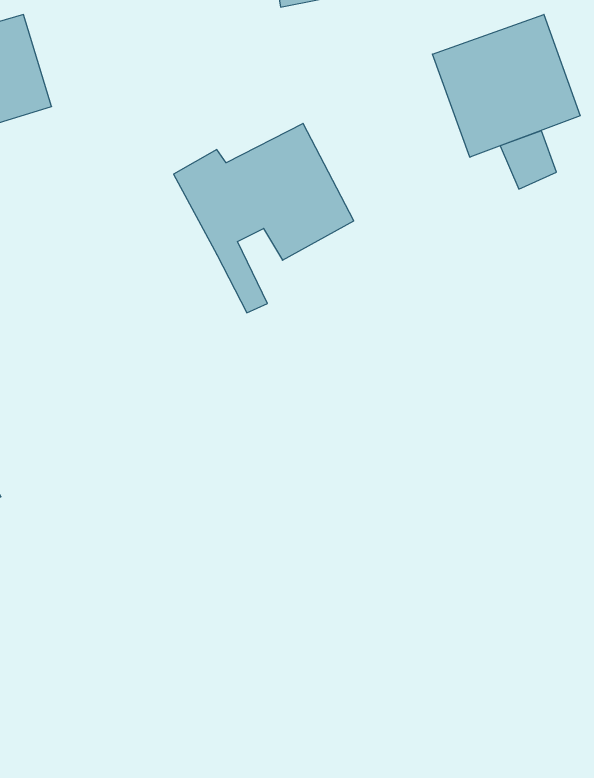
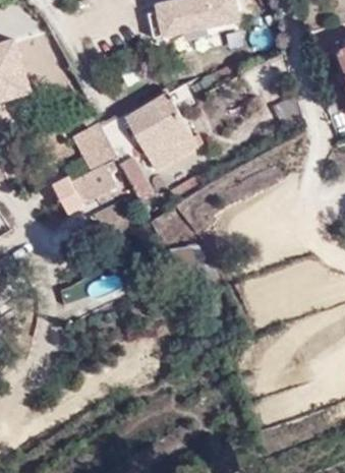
building: [432,14,580,157] -> none
building: none -> [67,125,119,205]

